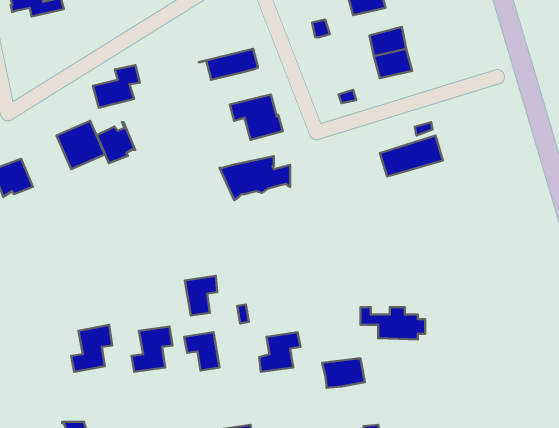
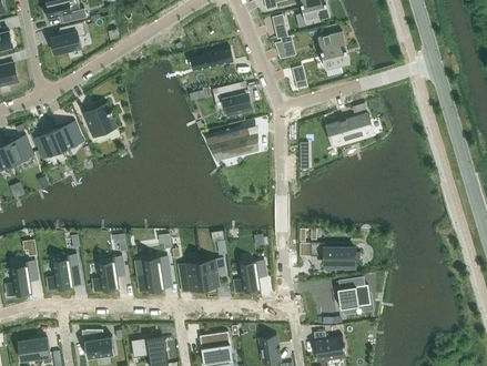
building: [93,65,140,108] -> [50,22,85,54]
building: [97,122,135,163] -> [54,121,83,152]
building: [185,276,217,316] -> [200,258,224,288]
building: none -> [47,255,78,289]
building: [322,359,365,388] -> [337,286,369,308]

